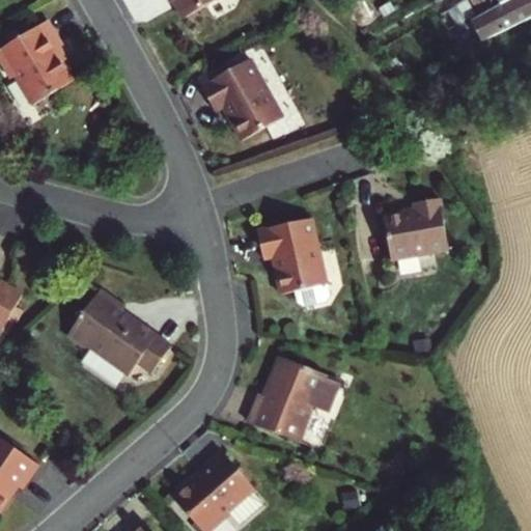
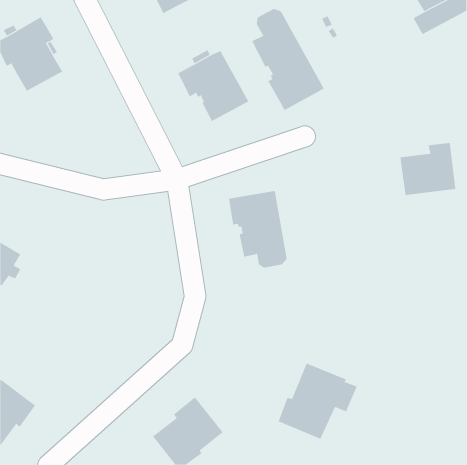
building: none -> [251,8,324,111]
building: [384,202,448,262] -> [399,143,456,196]
building: [63,290,170,378] -> none
building: [250,357,340,444] -> [278,363,358,440]

